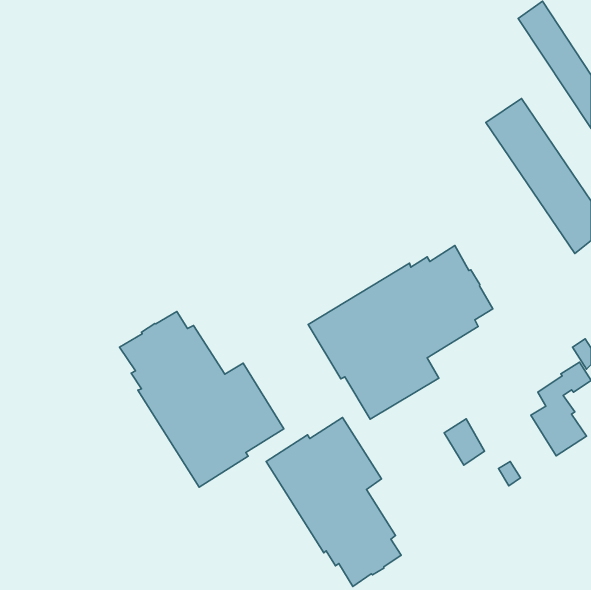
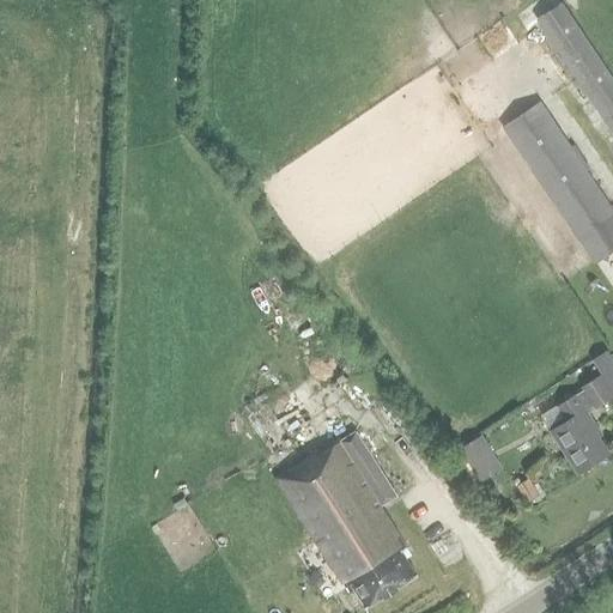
building: [308,245,493,419] -> none
building: [120,311,284,487] -> none

